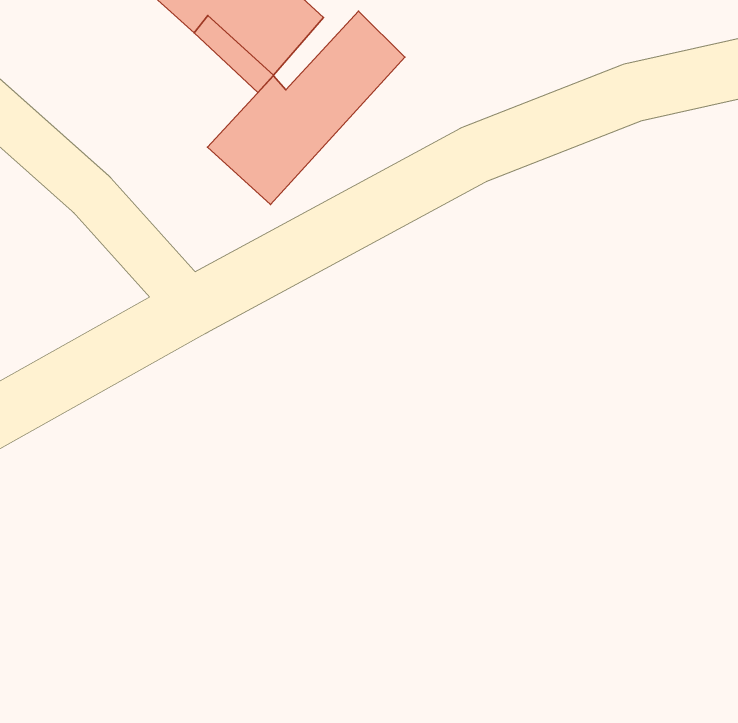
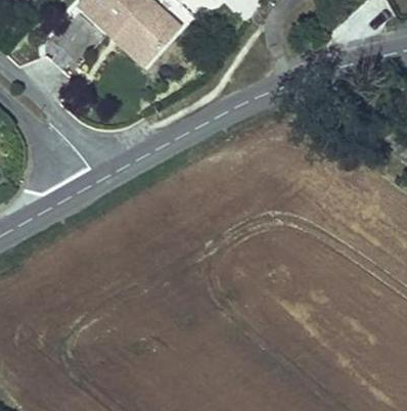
building: [208,11,405,204] -> none

